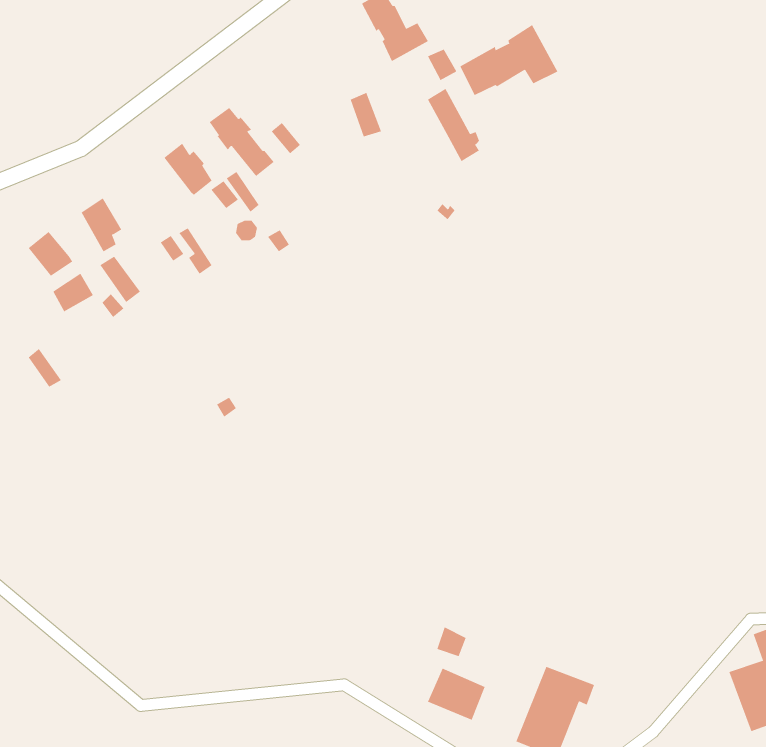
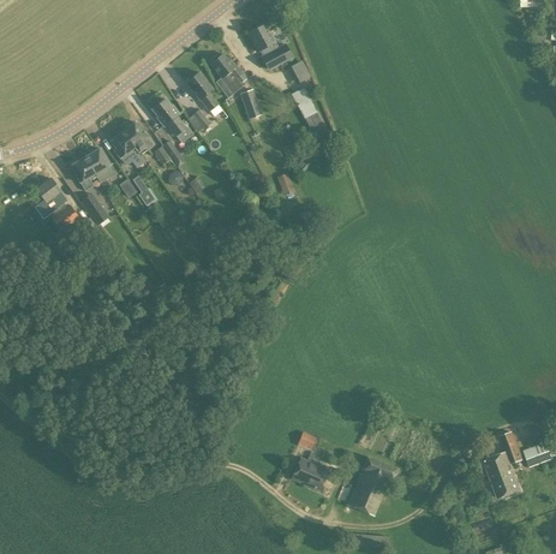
building: [459,24,558,96] -> none
building: none -> [210,53,243,97]
building: none -> [185,71,222,117]
building: none -> [110,131,145,167]
building: none -> [84,148,114,183]

